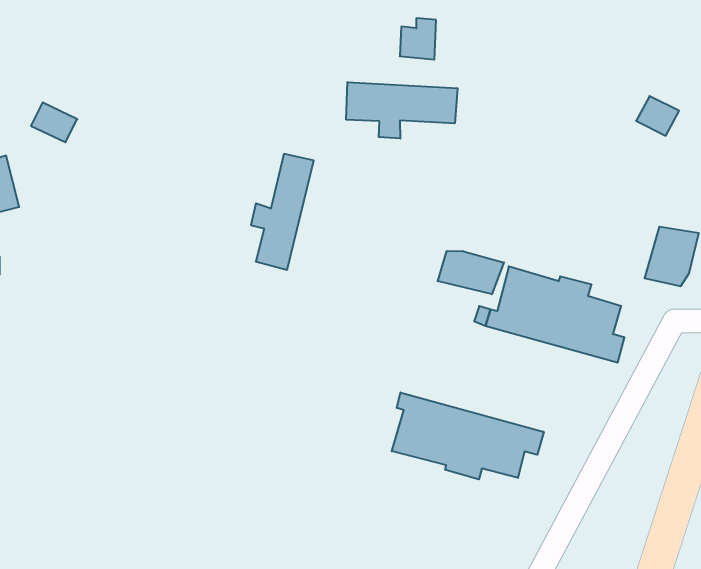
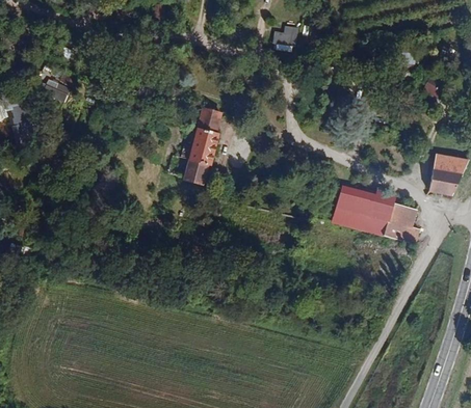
building: [346,82,457,139] -> none
building: [438,251,504,294] -> none
building: [392,392,544,479] -> none

